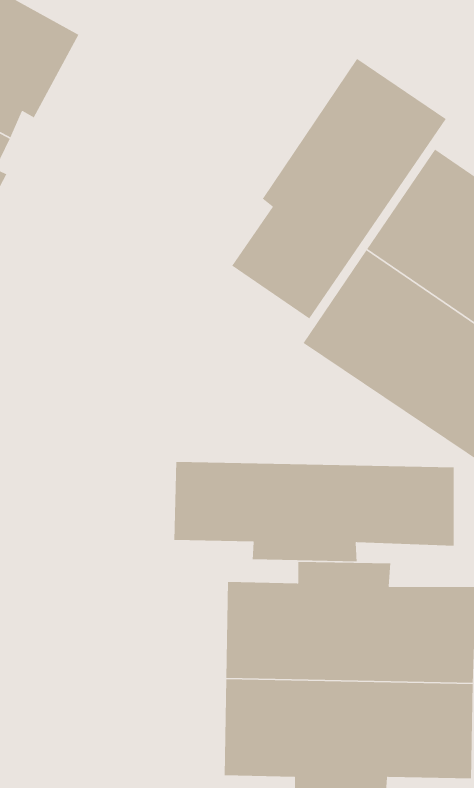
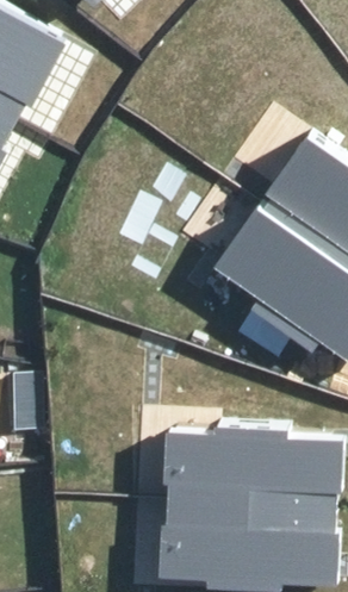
building: [231,58,447,319] -> none
building: [174,461,454,562] -> none

